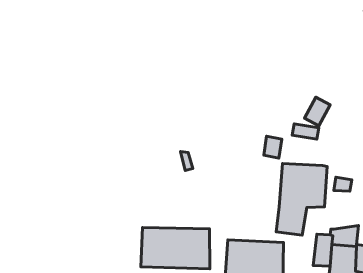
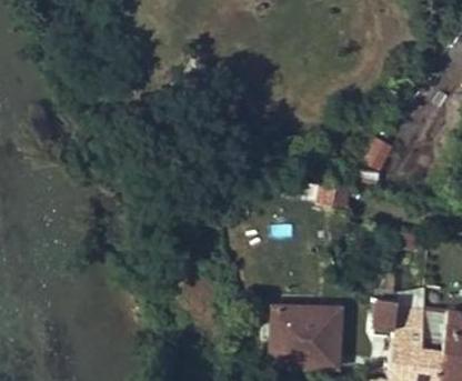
building: [276,164,327,235] -> none
building: [141,227,210,269] -> none

